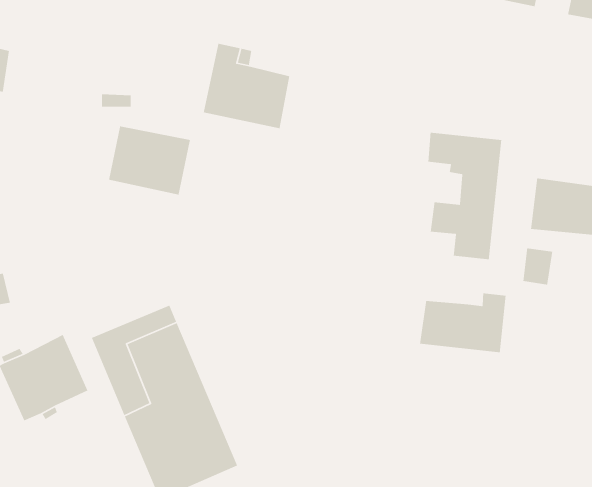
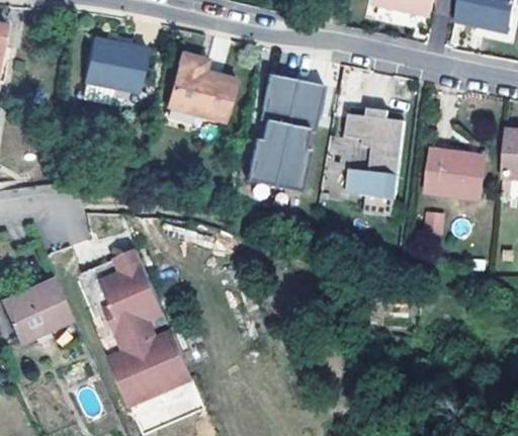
building: none -> [247,74,322,190]
building: [108,126,191,195] -> [77,32,143,88]
building: [419,293,507,353] -> none

